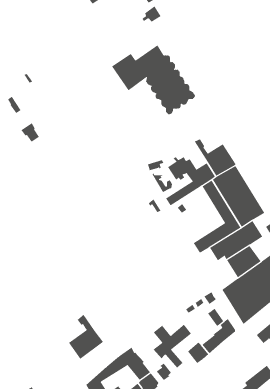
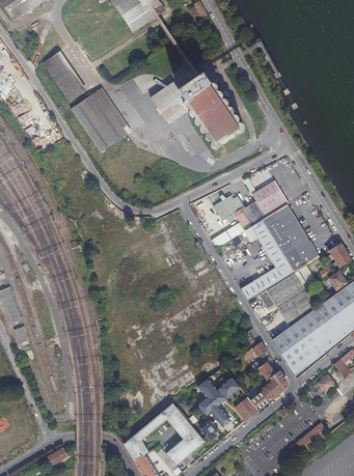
building: none -> [43,51,83,100]
building: none -> [72,89,127,149]
building: [68,314,104,359] -> none

